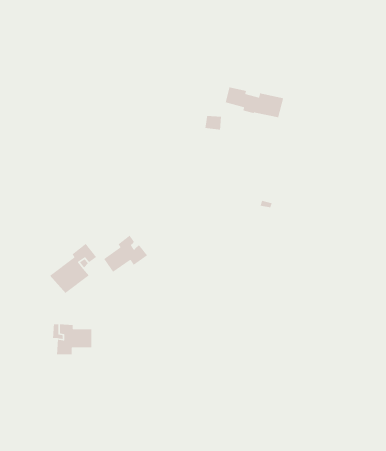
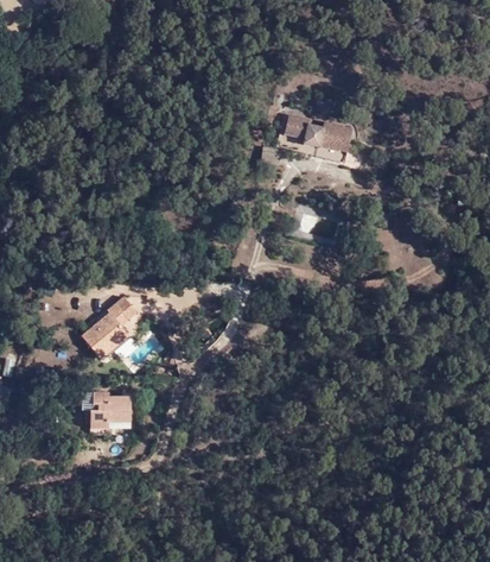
building: [103,234,148,273] -> none

